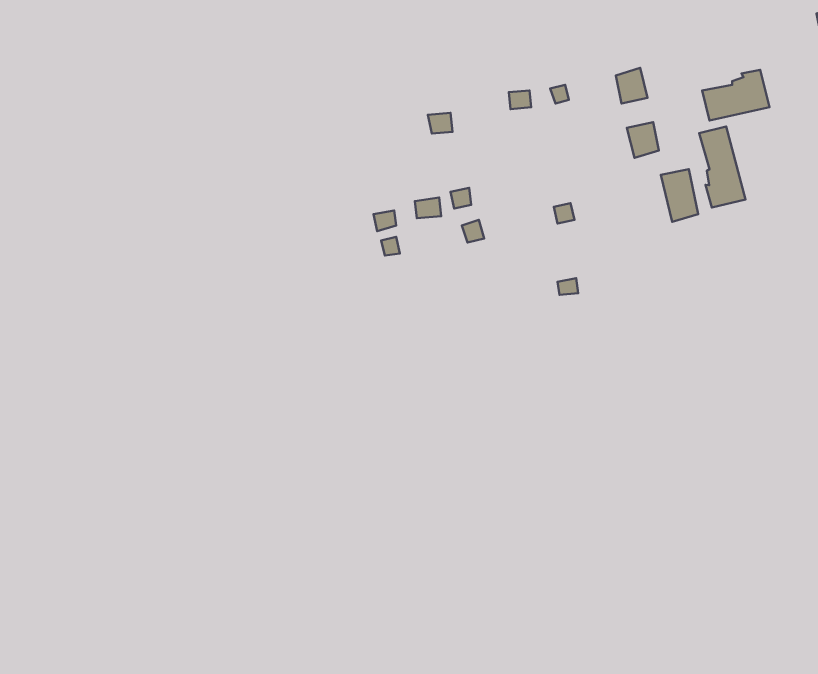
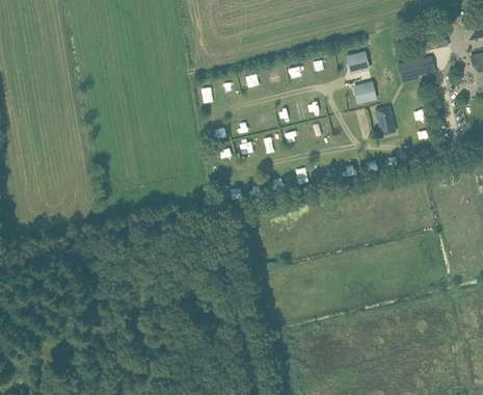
building: [699,127,745,208] -> none

